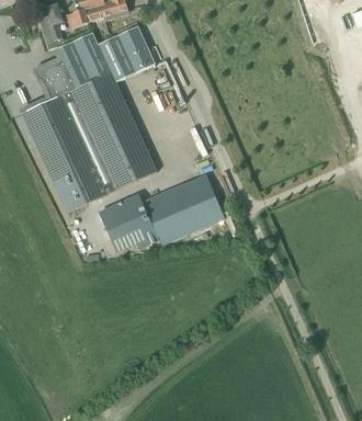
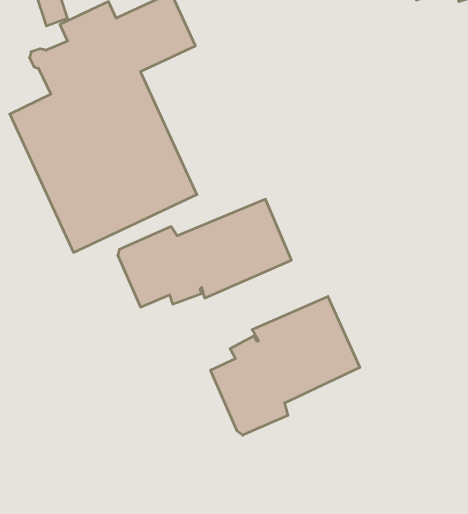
building: none -> [211,296,360,435]

